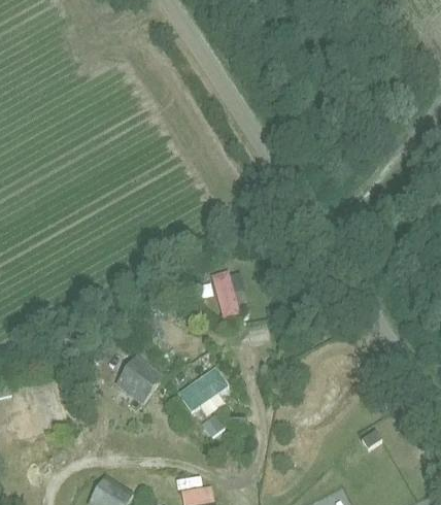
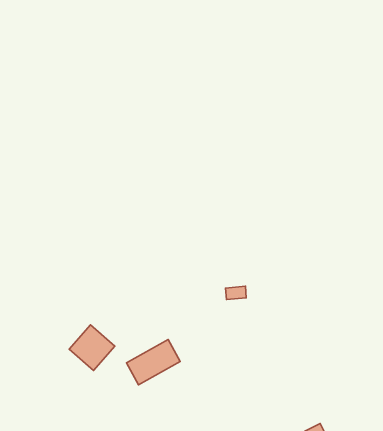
building: [210,266,239,316] -> none

